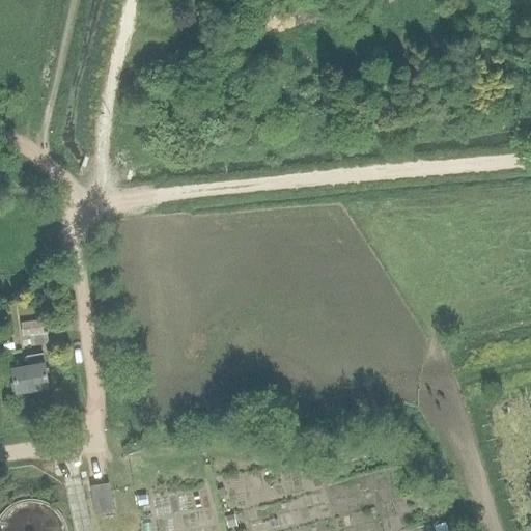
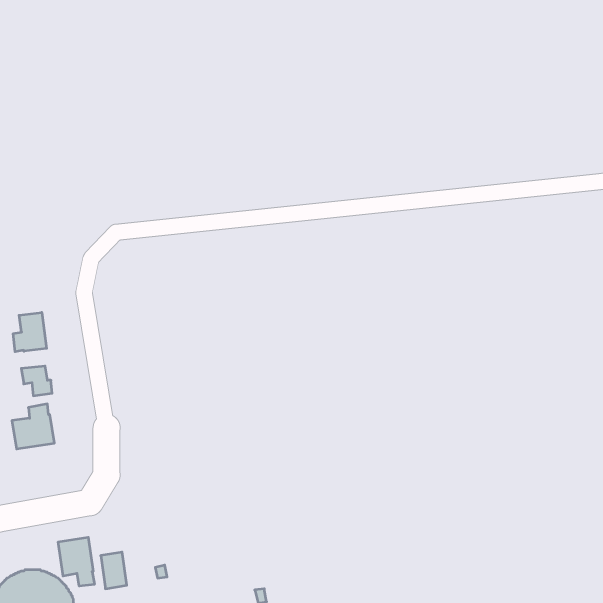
building: none -> [13,312,47,352]
building: none -> [58,537,94,586]

